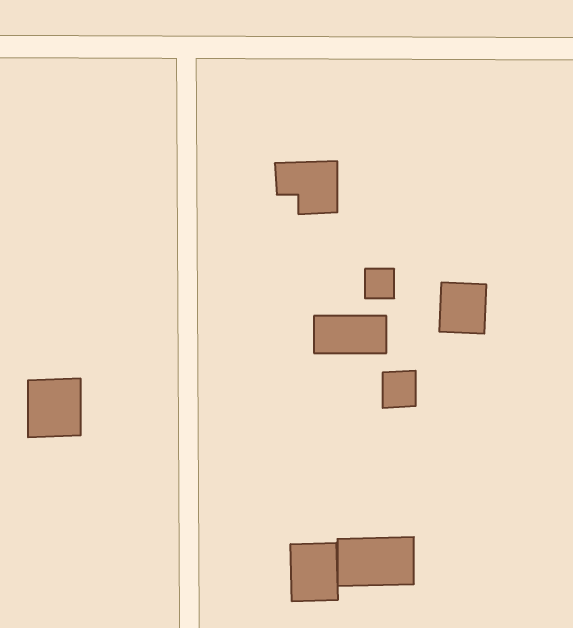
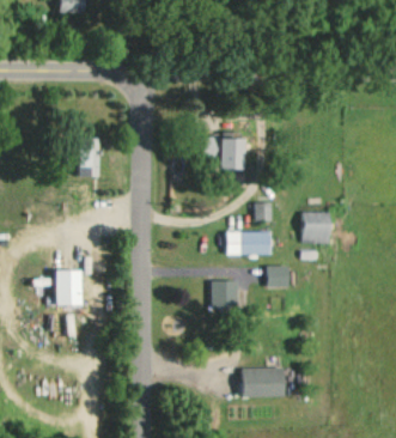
building: none -> [73,139,100,177]
building: none -> [211,281,236,310]
building: [291,543,338,601] -> none

